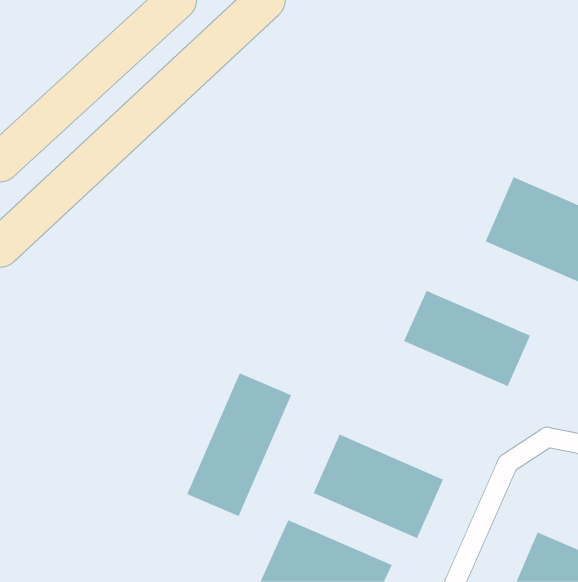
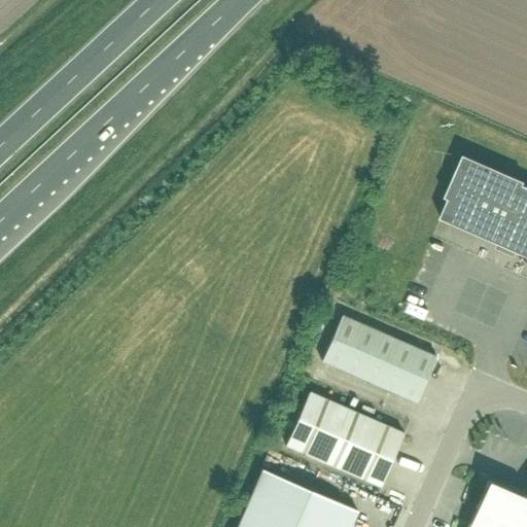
building: [403,290,531,387] -> [322,315,437,402]
building: [187,372,292,517] -> none

